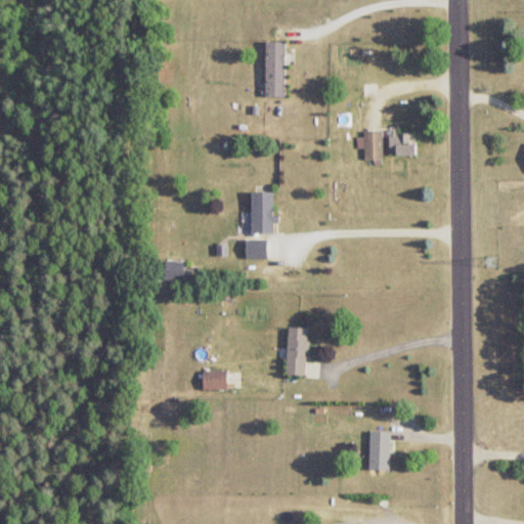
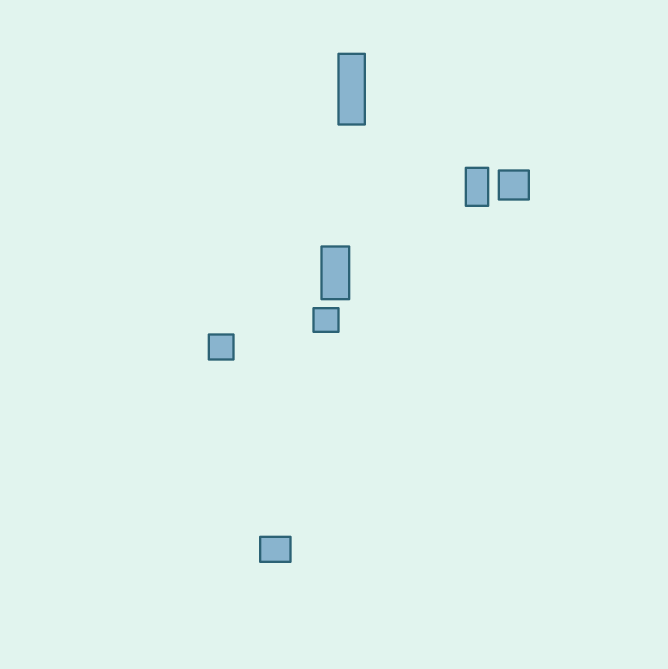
building: [286,328,307,376] -> none
building: [202,370,225,390] -> [260,537,290,562]
building: [368,432,389,471] -> none

